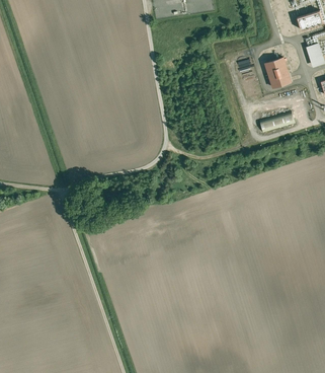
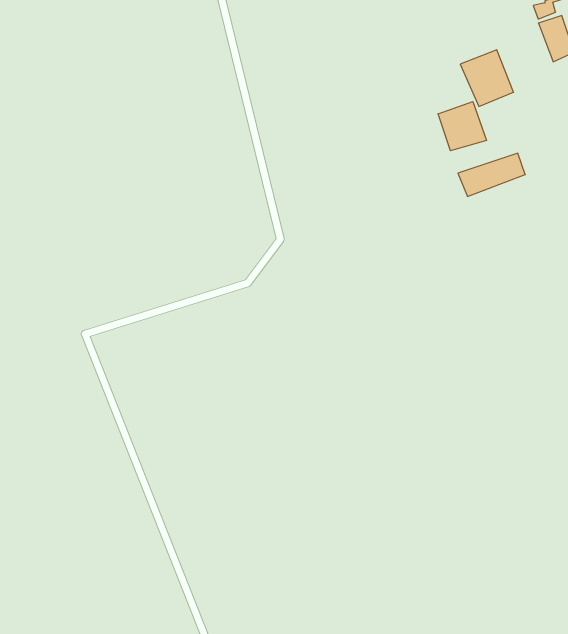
building: none -> [438,102,486,151]

